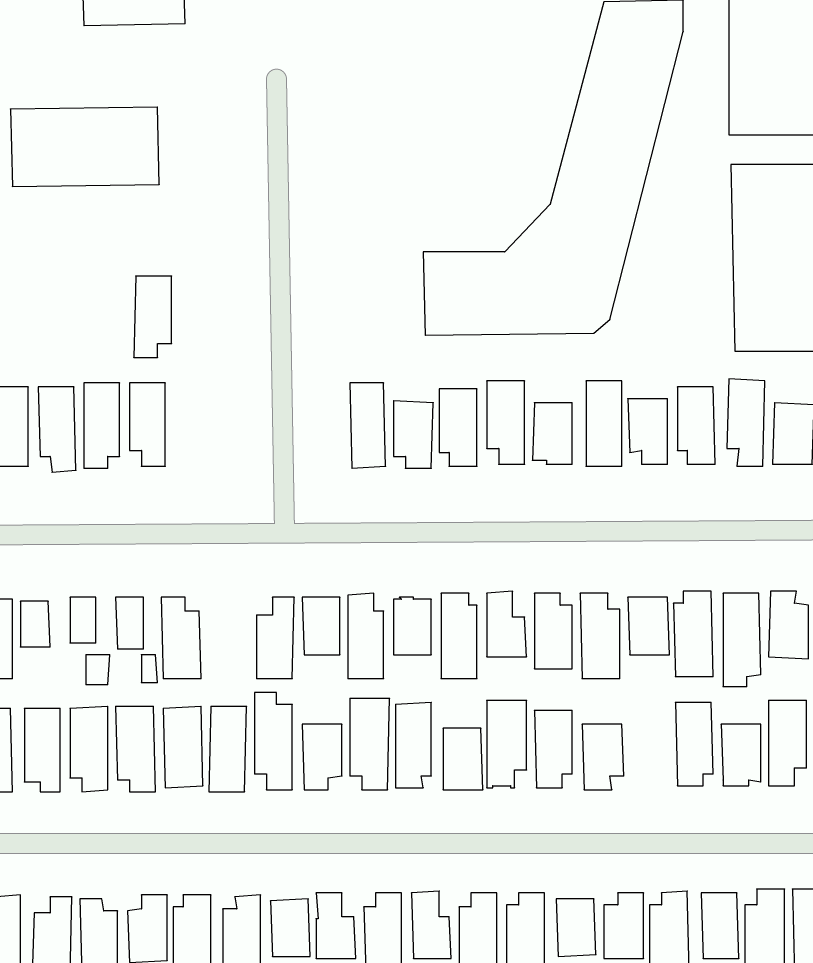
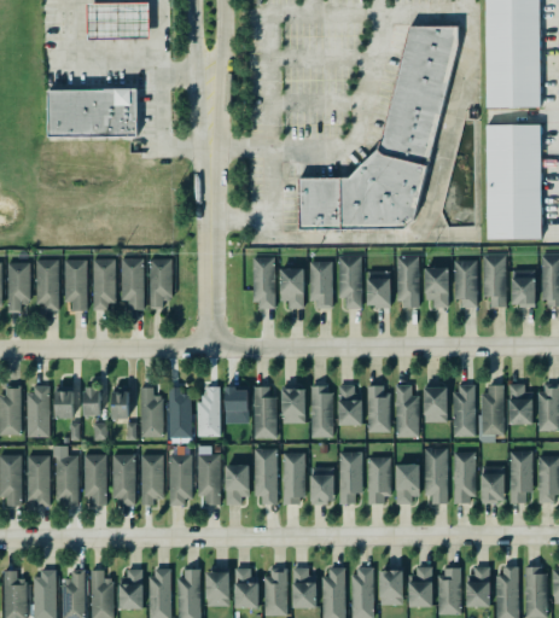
building: [134,276,172,357] -> [150,260,173,309]
building: none -> [169,387,192,438]
building: none -> [425,448,449,505]

